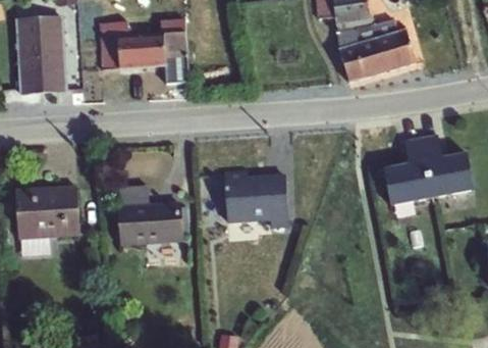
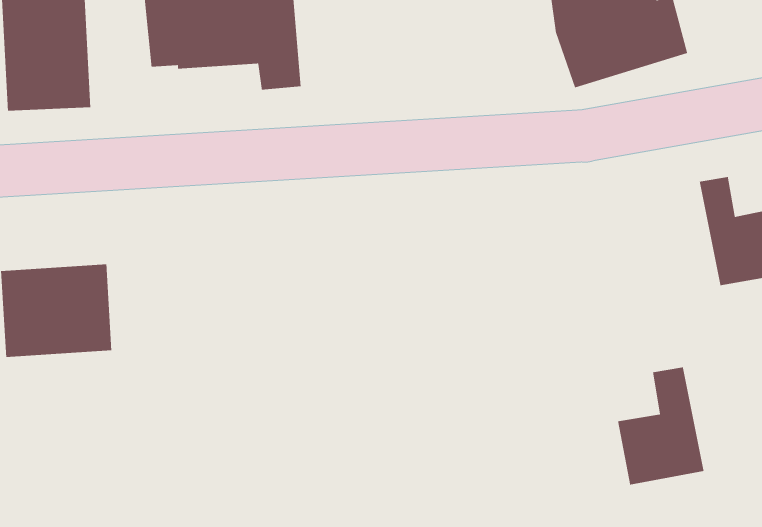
building: [383,136,434,205] -> [617,367,705,485]
building: [224,169,290,228] -> none
building: [117,186,184,247] -> none

